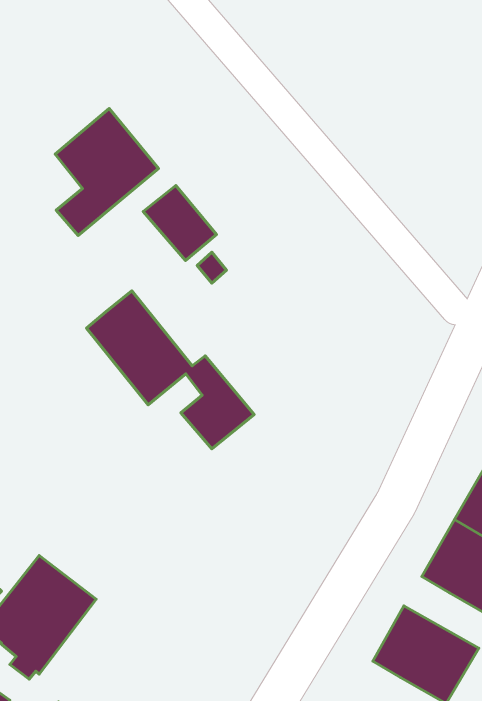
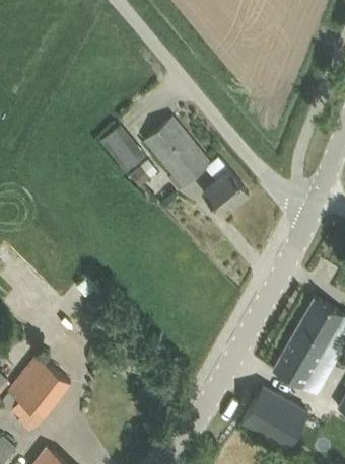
building: [55,109,158,236] -> none
building: [86,291,254,449] -> [144,118,249,216]

